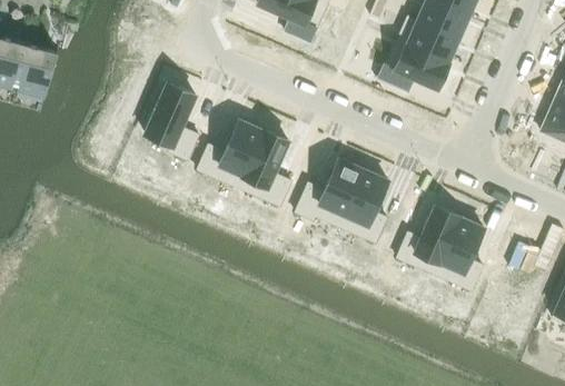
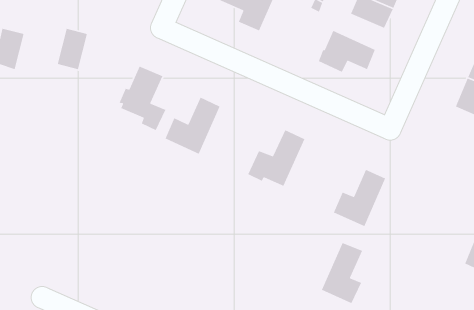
building: [397,14,458,62] -> none
building: [21,43,58,93] -> [57,28,88,70]
building: [239,129,293,205] -> none
building: [339,168,389,241] -> none
building: [435,215,485,289] -> [321,241,363,304]

